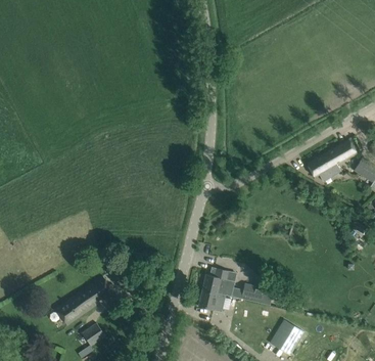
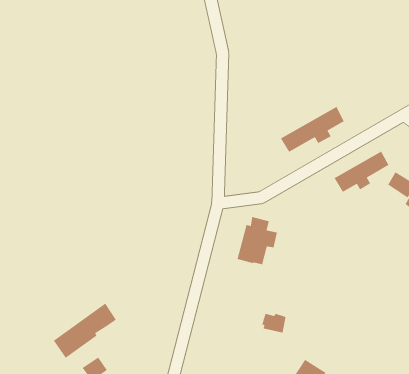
building: none -> [280,106,345,153]
building: [198,267,235,311] -> [237,216,278,265]

